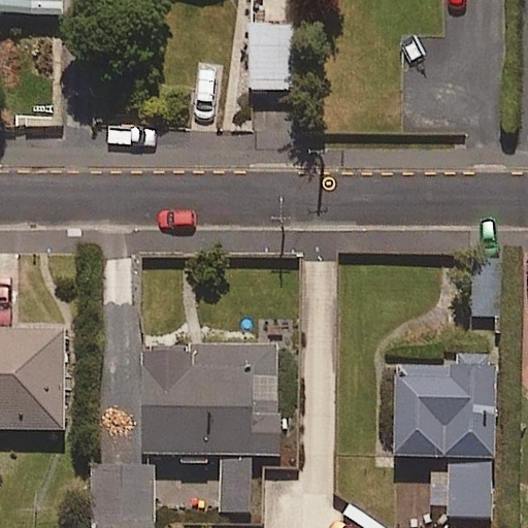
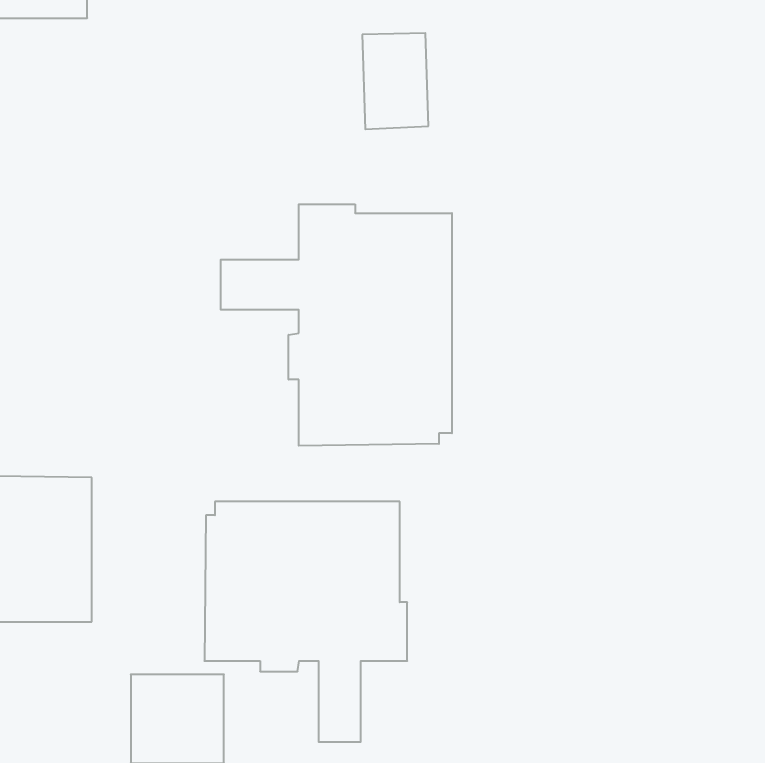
building: none -> [221,204,452,446]
building: [393,355,496,516] -> none

